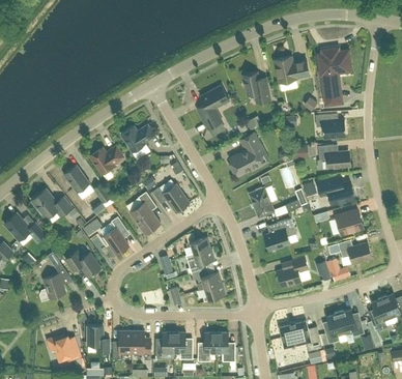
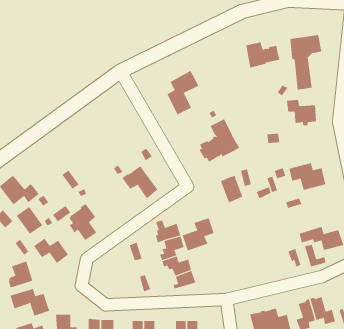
building: [242,71,270,104] -> none
building: [120,124,155,152] -> none
building: [318,145,348,168] -> none
building: [90,146,123,179] -> none
building: [63,165,90,193] -> [16,206,43,235]
building: [130,192,161,234] -> none
building: [336,209,363,234] -> none
building: [264,217,296,251] -> [182,218,214,251]
building: [277,256,308,287] -> none
building: none -> [10,288,50,316]

